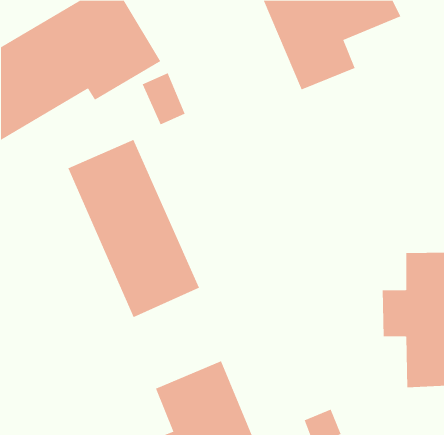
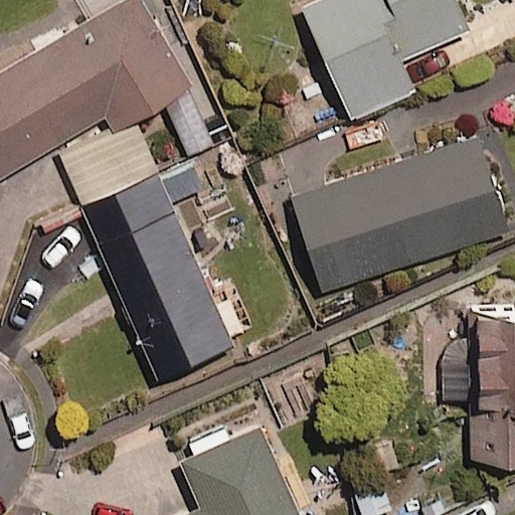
building: none -> [290,138,507,293]

